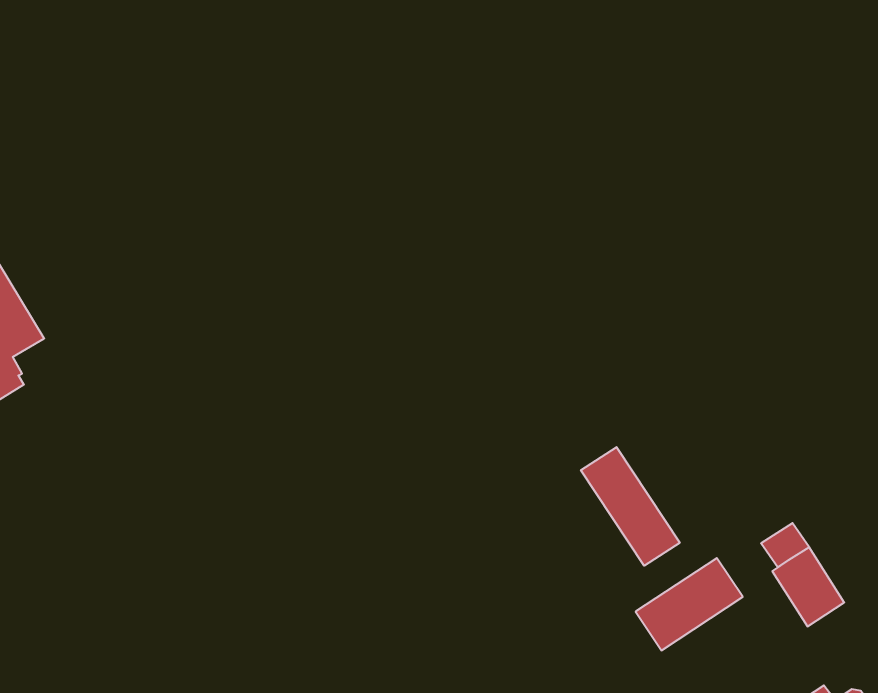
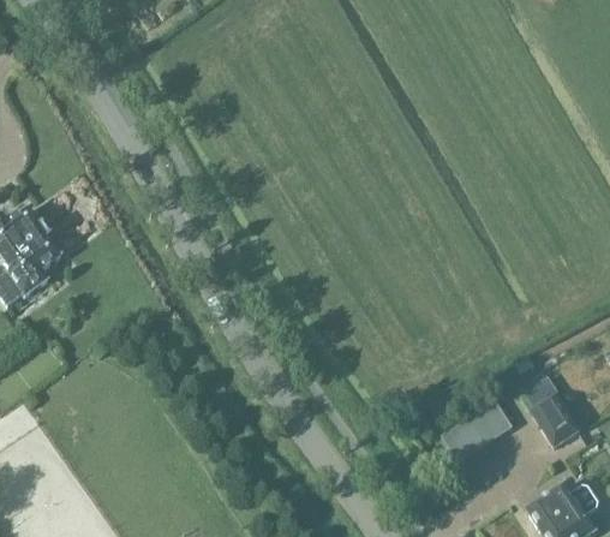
building: [581,447,680,566] -> none

